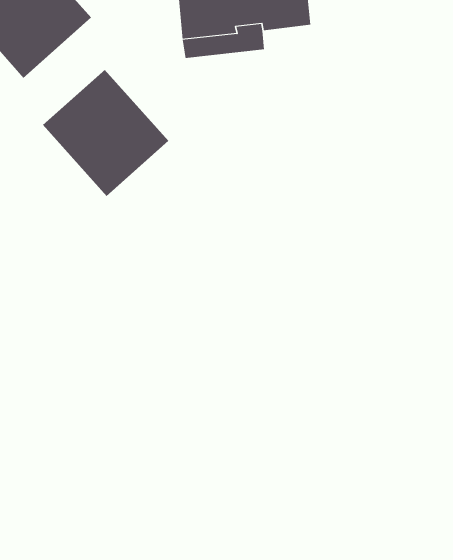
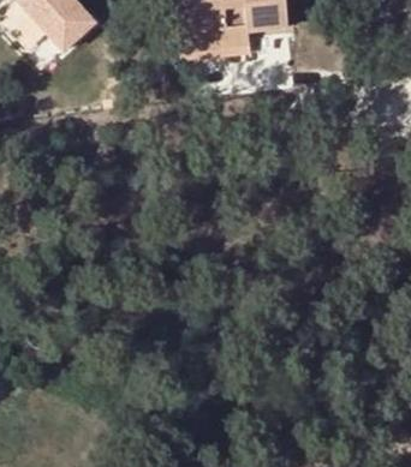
building: [42,69,169,197] -> none

